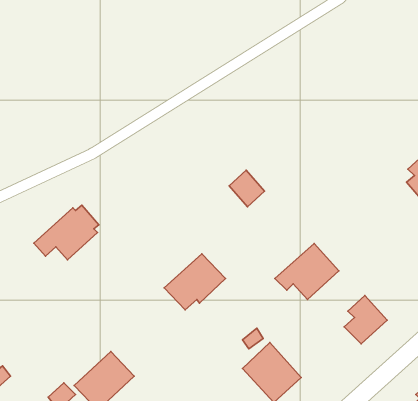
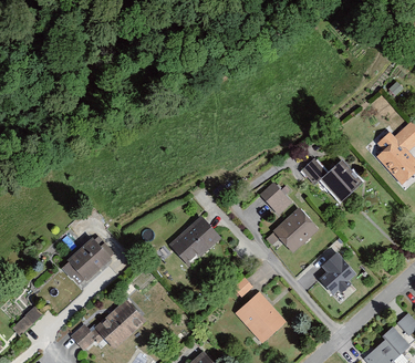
building: [229,170,264,207] -> [262,184,292,215]
building: none -> [302,159,361,201]
building: [34,205,99,260] -> [60,237,115,283]

